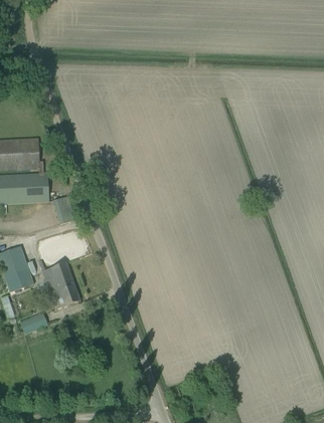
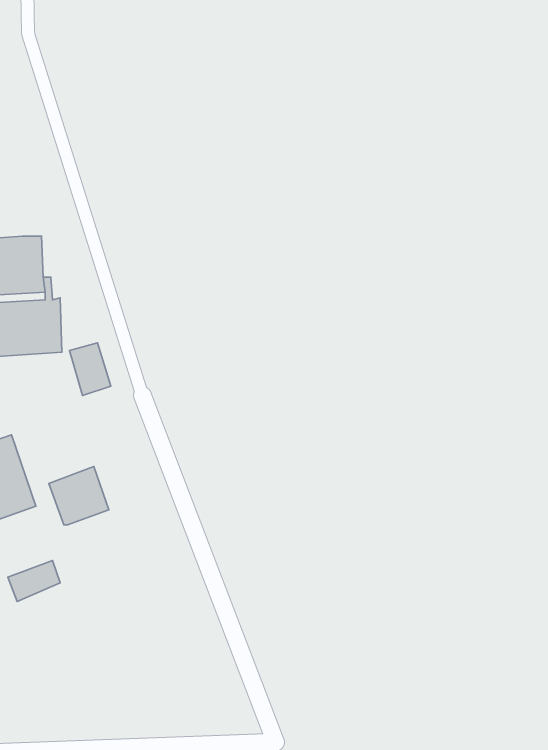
building: [50,285,80,309] -> none

